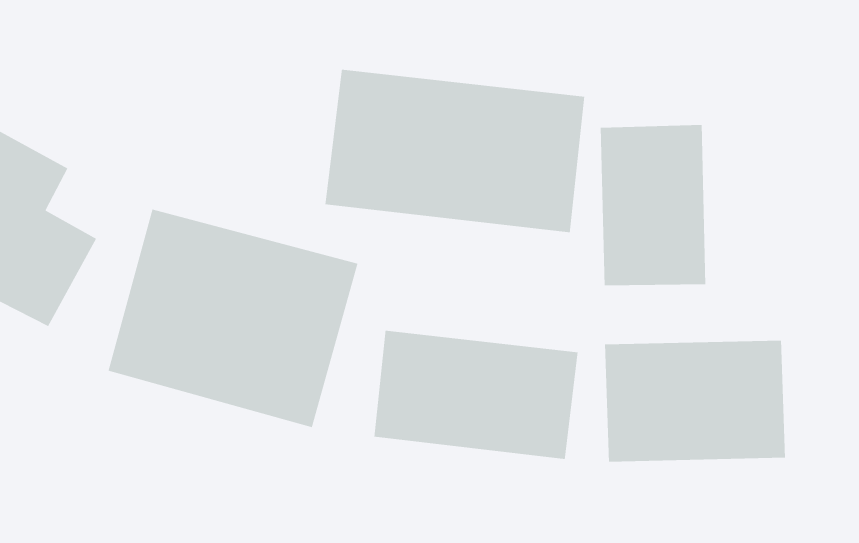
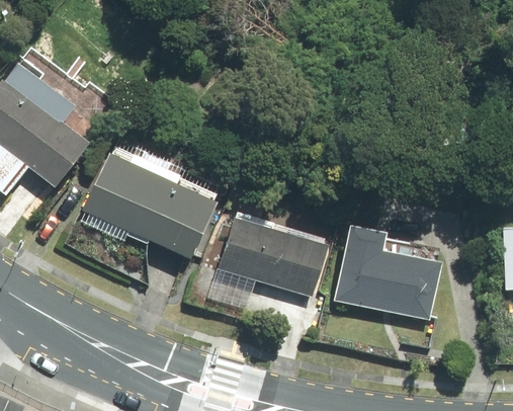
building: [324,69,585,233] -> none
building: [600,124,706,286] -> none

